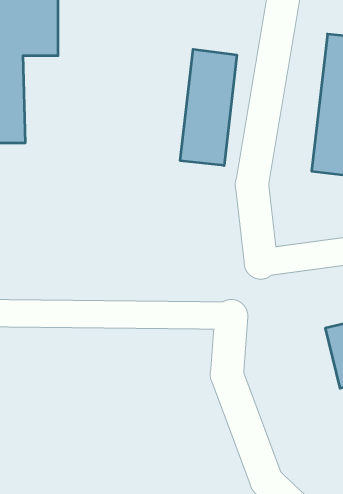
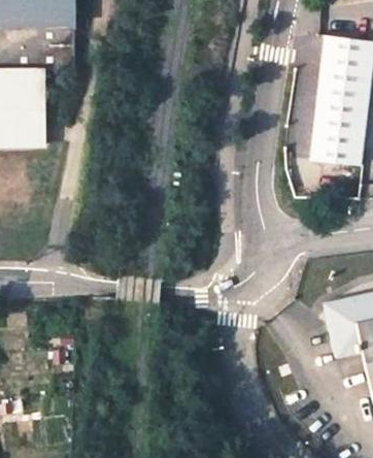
building: [180,49,237,166] -> none

